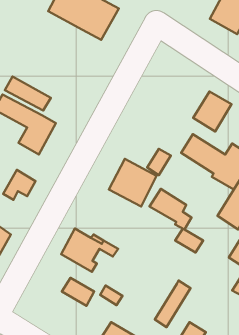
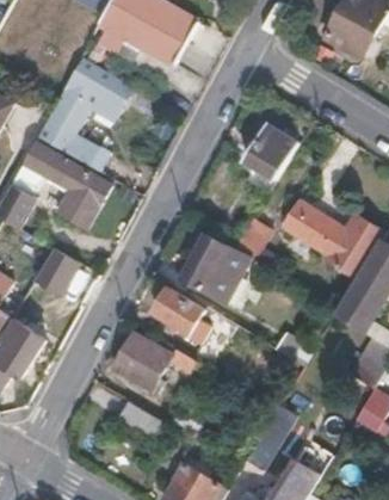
building: none -> [61,58,130,121]
building: [193,91,231,131] -> [245,123,298,179]
building: [150,189,191,230] -> [153,286,211,344]

